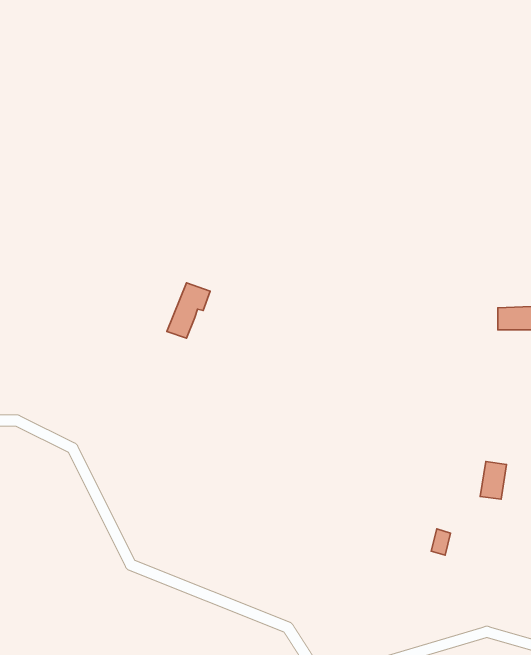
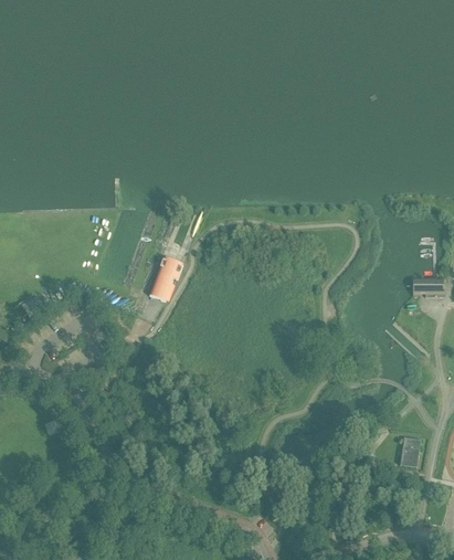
building: [480,462,507,499] -> [400,436,421,466]

